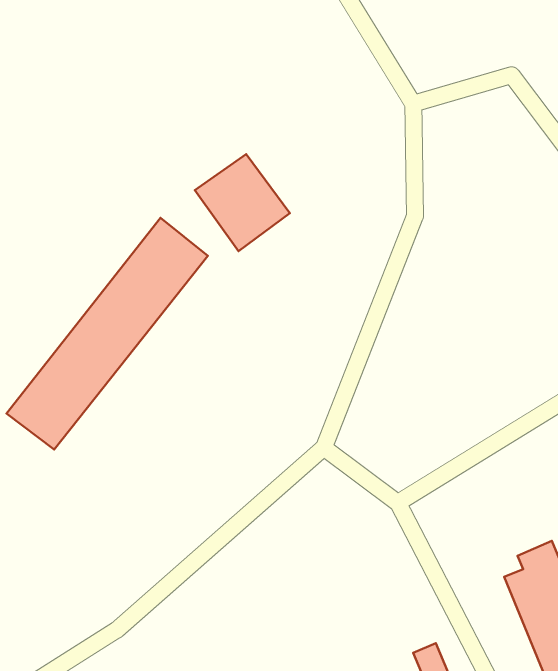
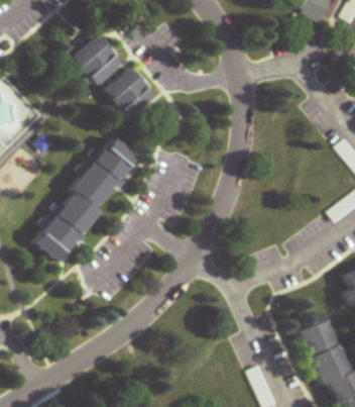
building: none -> [73,34,124,86]
building: [195,154,290,251] -> [107,68,157,119]

